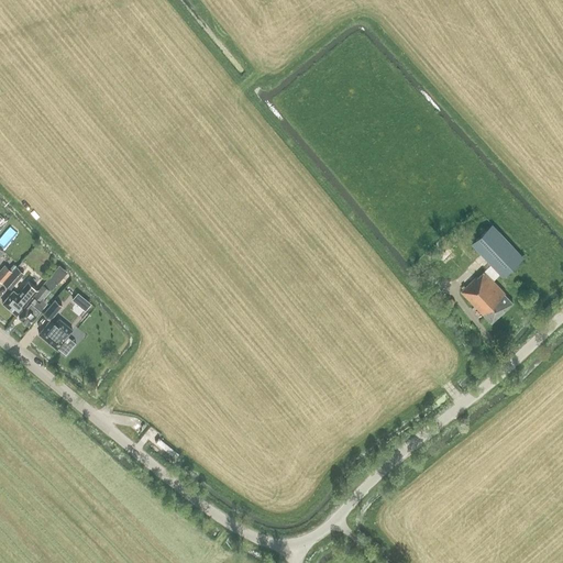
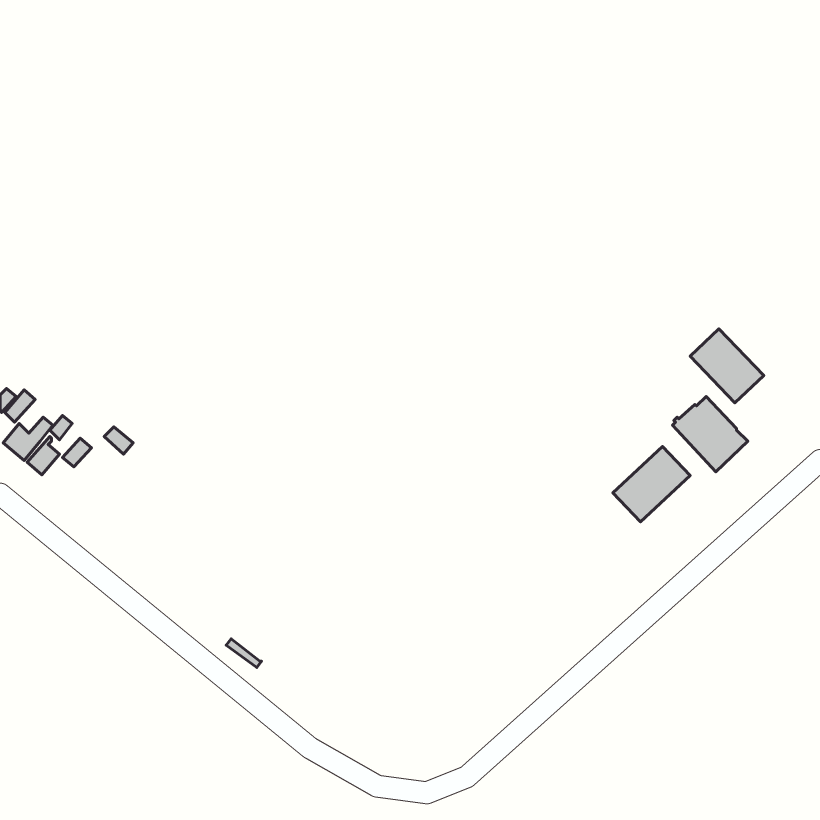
building: none -> [613,446,690,522]
building: [38,319,73,350] -> none

